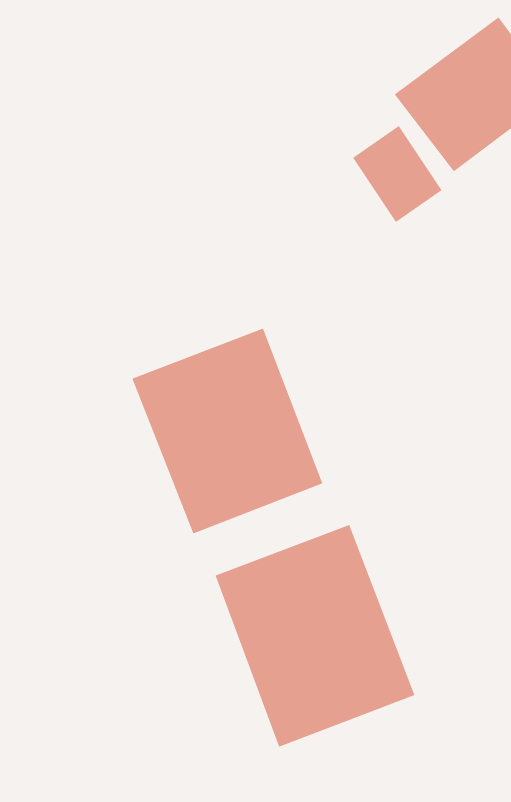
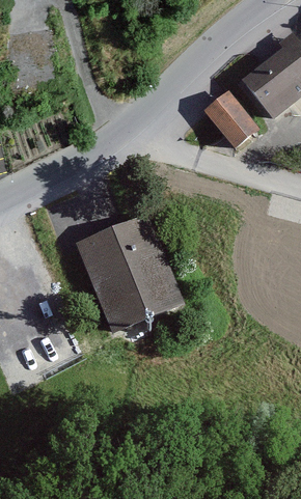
building: [215,524,415,748] -> none

